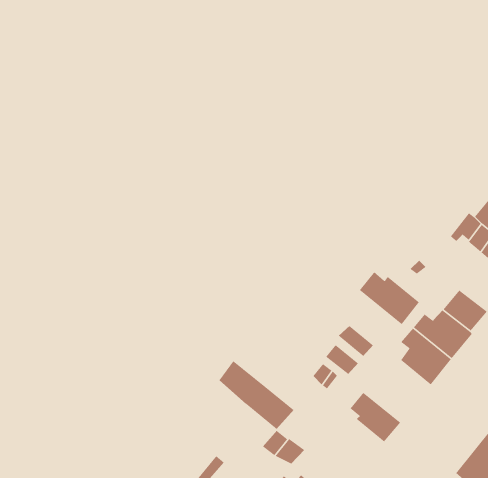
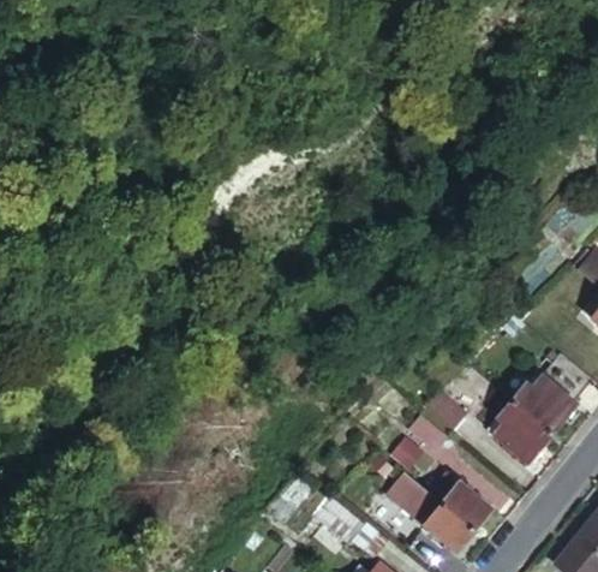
building: [359,271,420,325] -> none
building: [218,360,294,430] -> [389,472,476,552]

